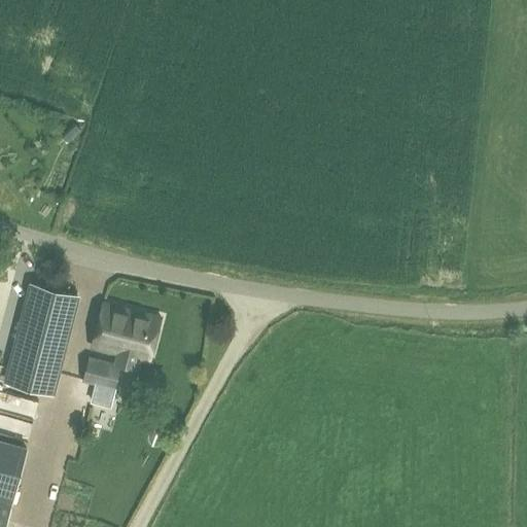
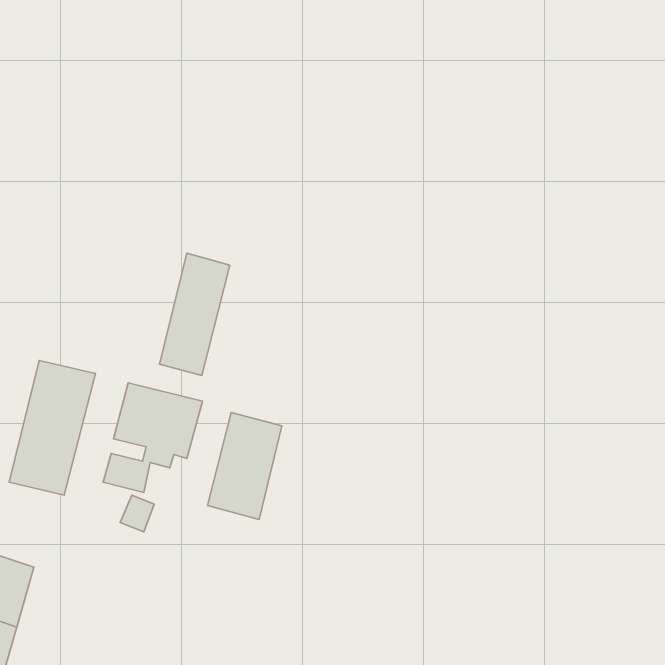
building: none -> [159,253,230,376]
building: none -> [208,413,282,519]

